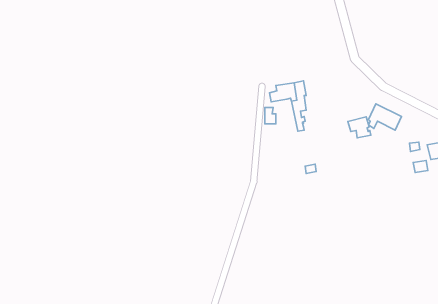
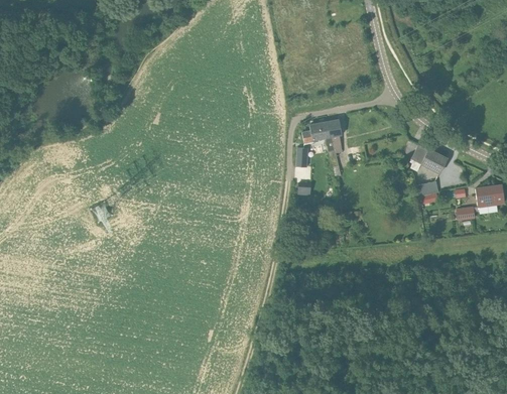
building: [348,117,371,138] -> [415,180,440,204]

